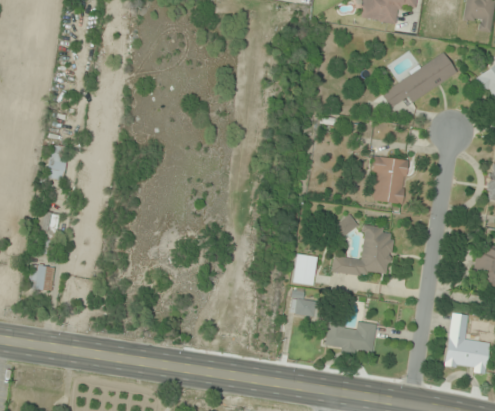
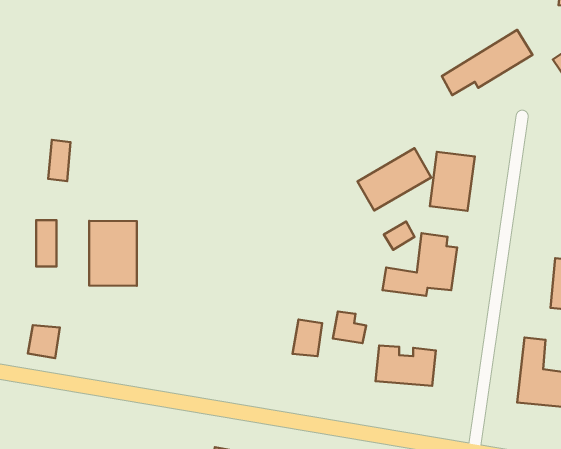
building: none -> [357,148,431,211]
building: none -> [89,221,137,286]
building: [292,253,317,284] -> [293,320,322,356]
building: [28,265,55,293] -> [28,325,60,358]

